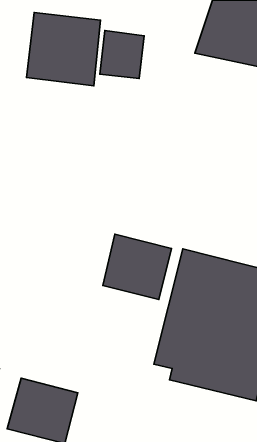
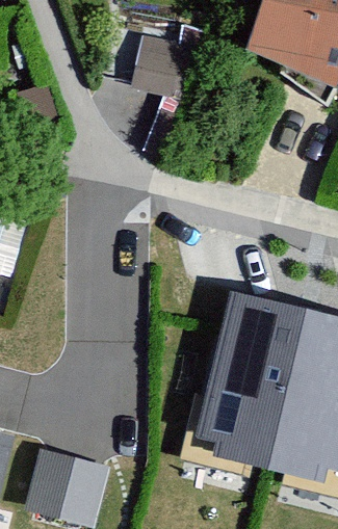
building: [26,12,101,86] -> none
building: [103,234,172,299] -> none

